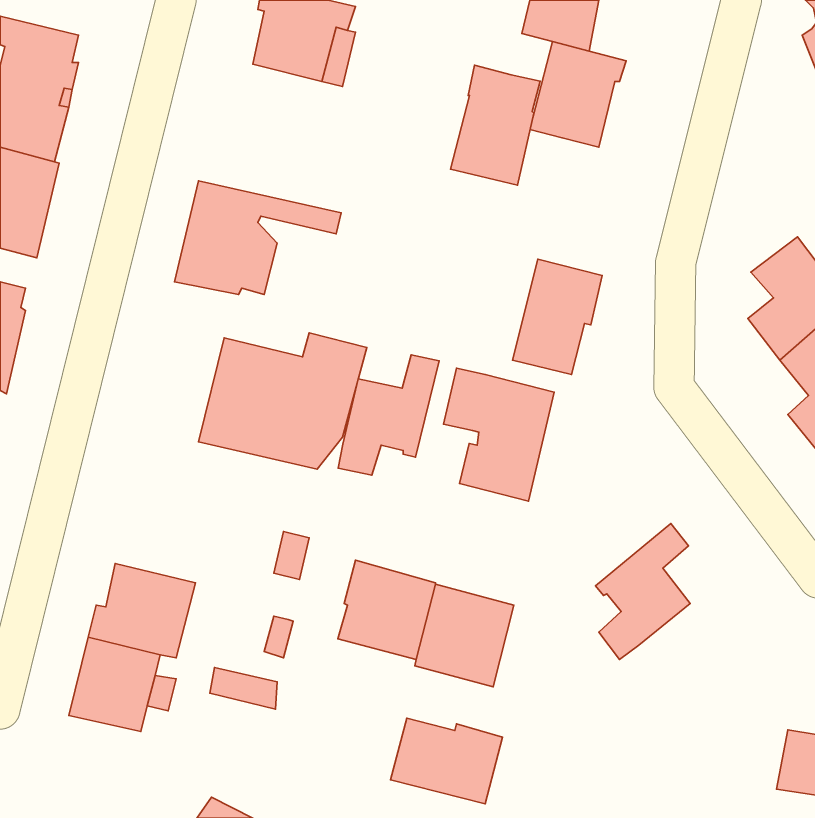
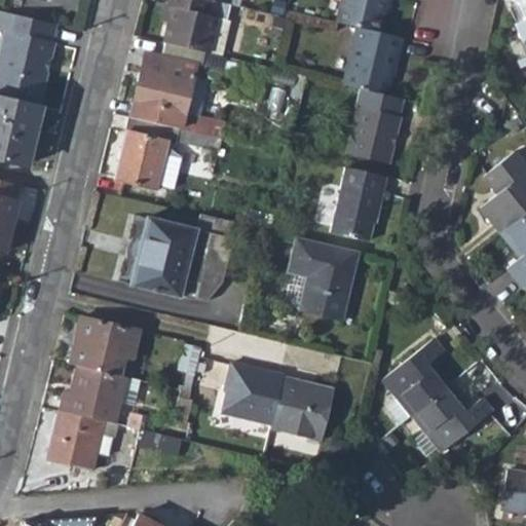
building: [450,65,540,185] -> [347,88,405,165]
building: none -> [129,50,225,137]
building: [338,355,439,475] -> none
building: none -> [71,314,139,374]
building: none -> [412,387,491,450]
building: [390,718,503,804] -> none

